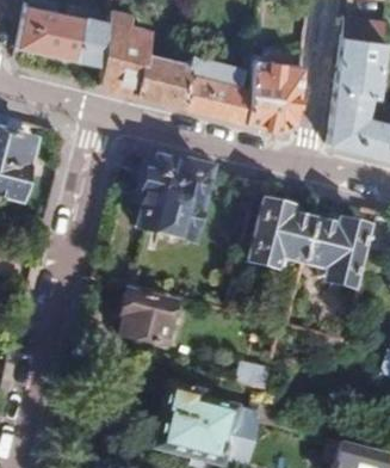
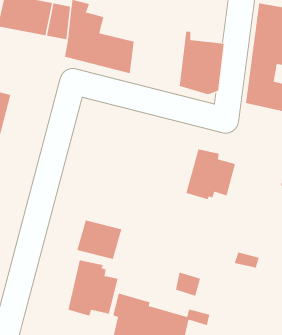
building: [185,57,249,123] -> none
building: [141,153,213,240] -> none
building: [307,220,367,285] -> none
building: none -> [68,260,118,317]

